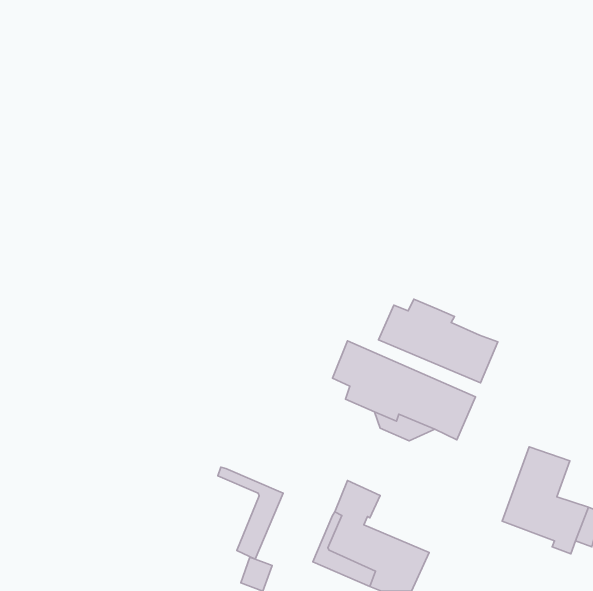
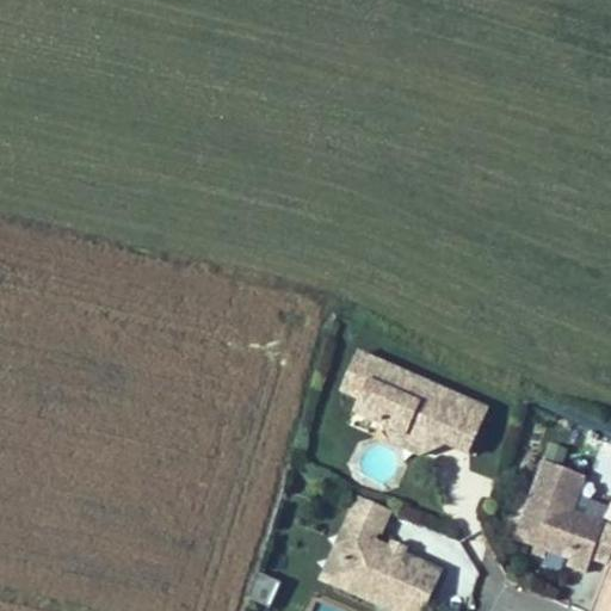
building: [378,299,498,383] -> none
building: [218,467,283,559] -> none

